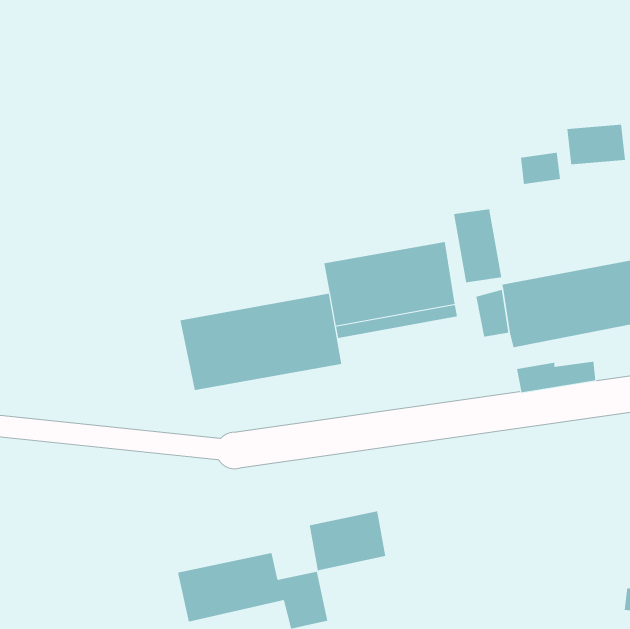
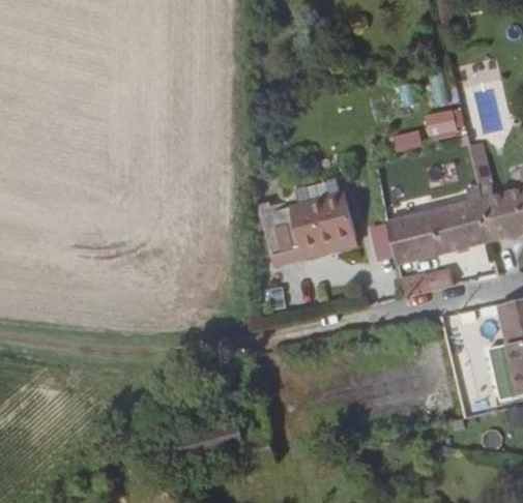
building: [453,209,502,283] -> none
building: [180,293,342,391] -> none
building: [309,510,386,571] -> none

